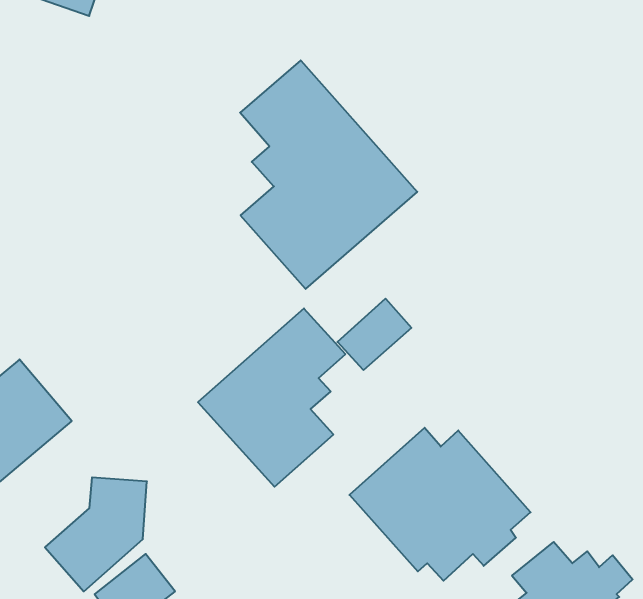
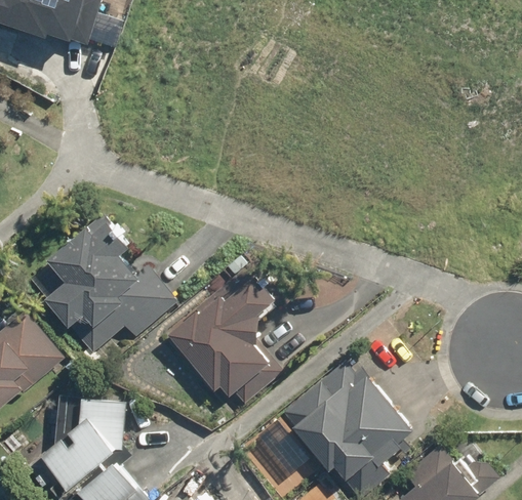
building: [240,60,417,289] -> none
building: none -> [41,210,169,353]
building: [337,299,411,370] -> none

